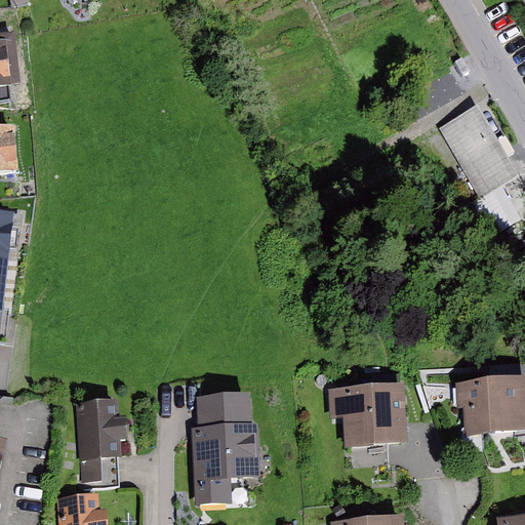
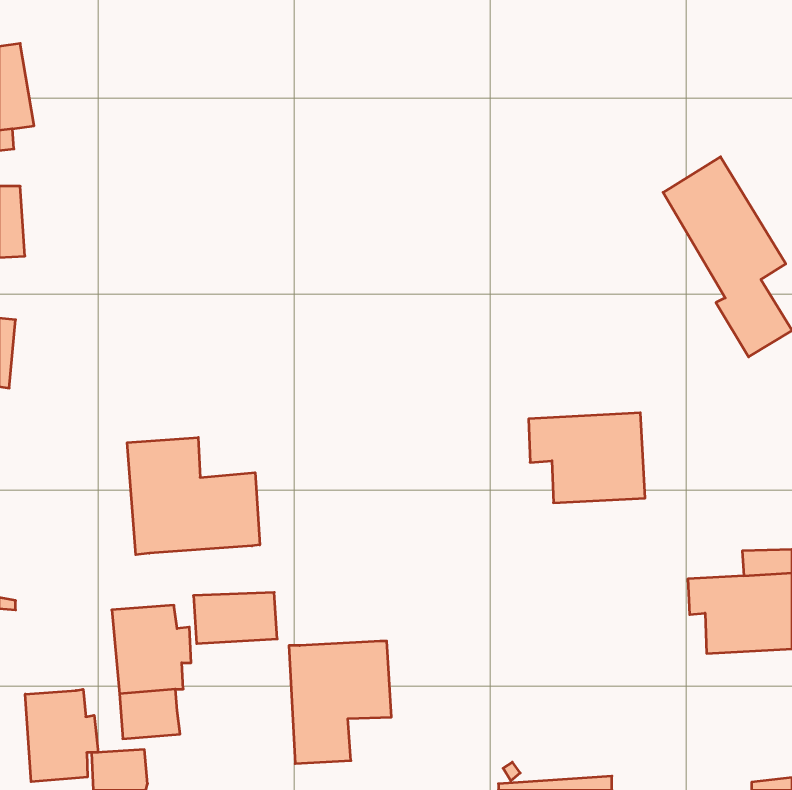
building: none -> [127,437,260,555]
building: [328,385,405,444] -> [529,413,645,503]
building: [196,393,251,427] -> [193,592,277,644]
building: none -> [25,689,98,782]

